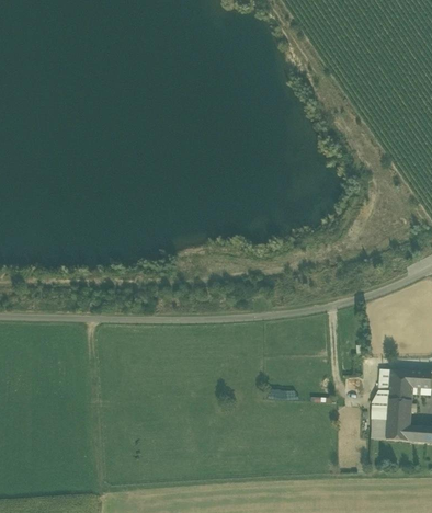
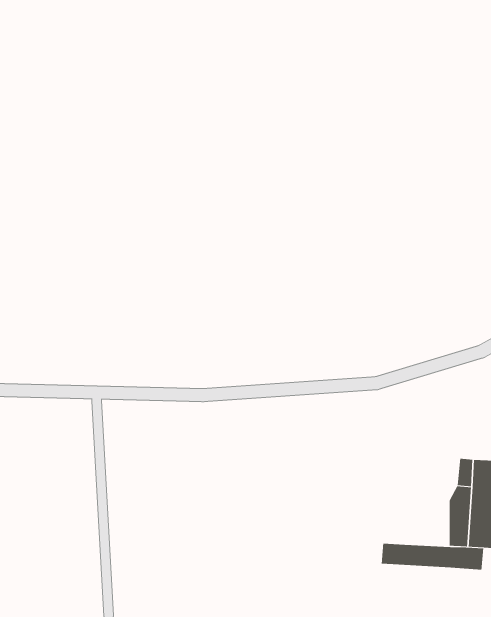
building: none -> [381,543,484,571]

